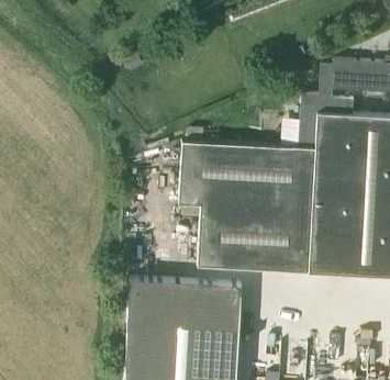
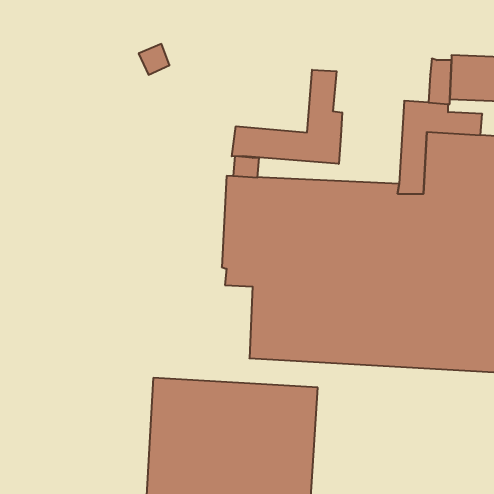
building: none -> [232,70,342,164]

